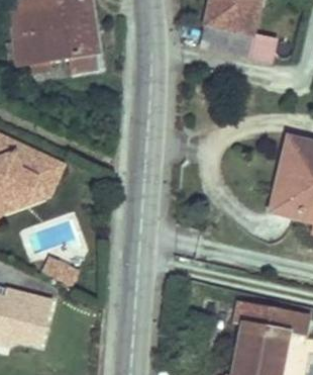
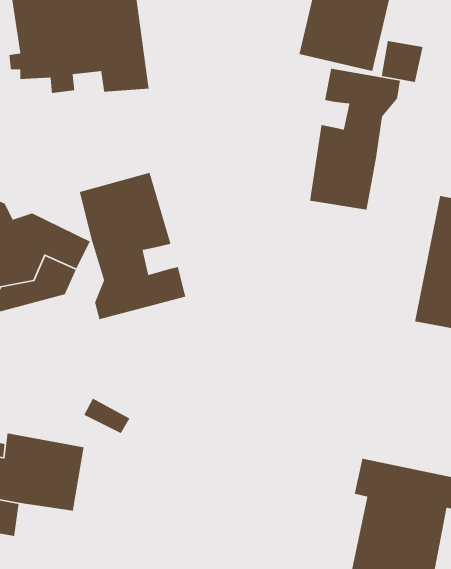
building: none -> [309,68,401,211]
building: none -> [79,172,186,320]

